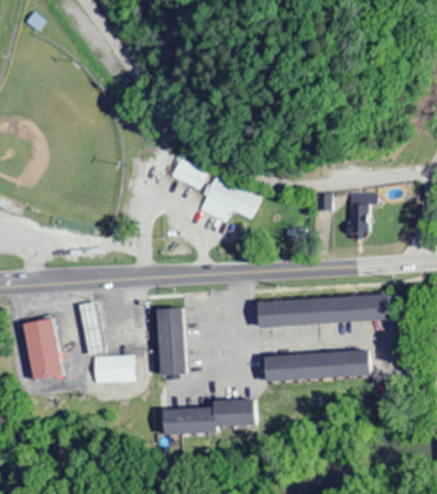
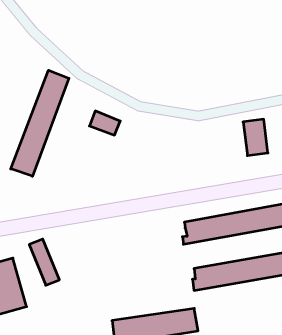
building: none -> [11,70,69,176]
building: [192,178,253,222] -> none
building: [161,308,188,374] -> none
building: [90,355,131,382] -> none

